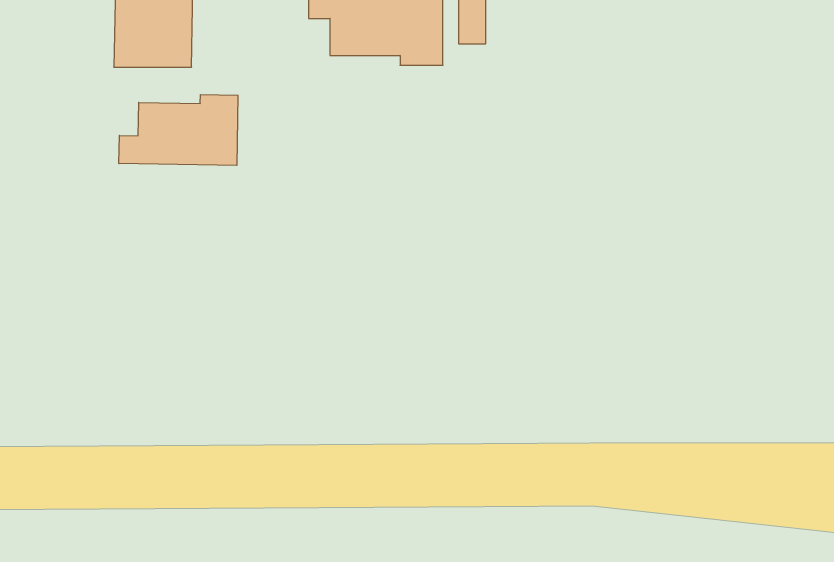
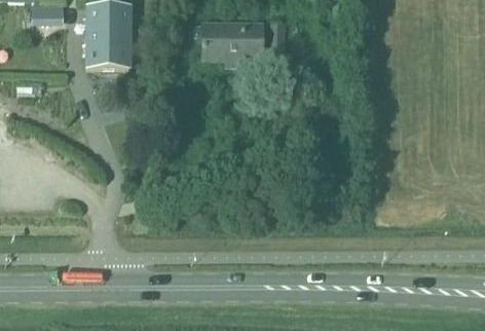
building: [119,95,238,165] -> none

